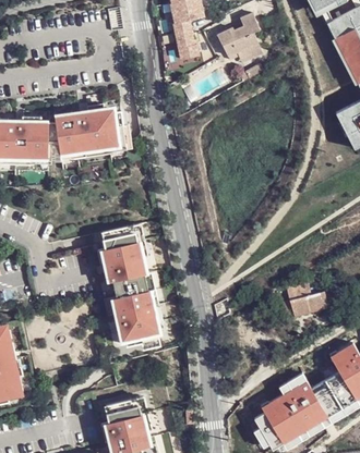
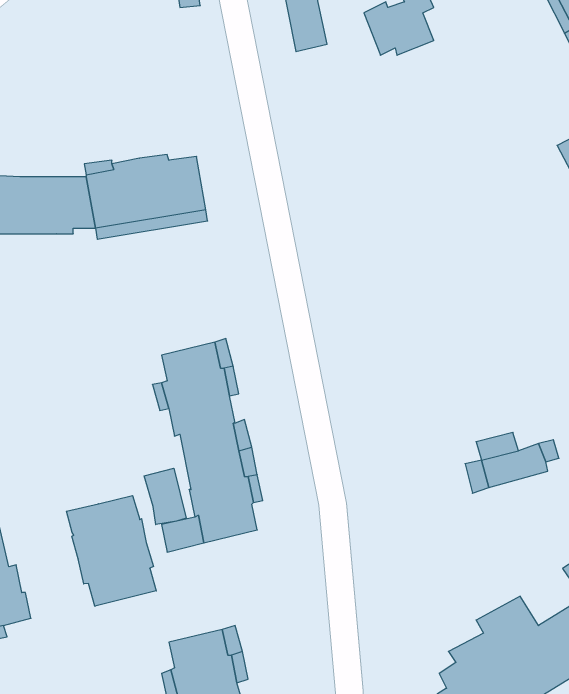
building: none -> [144,468,186,525]
building: none -> [66,496,156,606]

